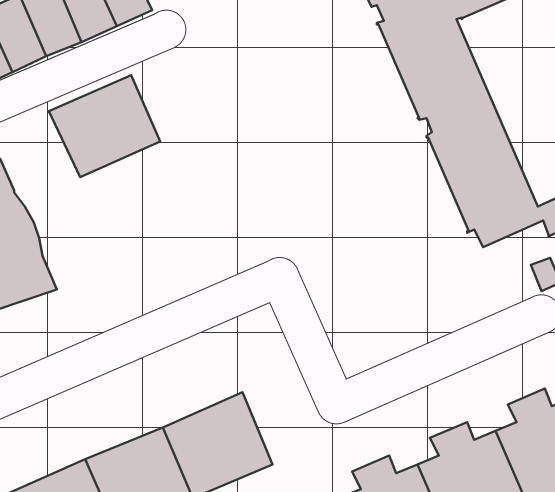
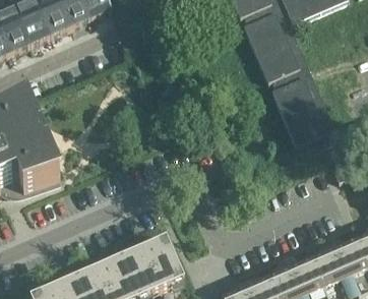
building: [49,75,160,177] -> none

